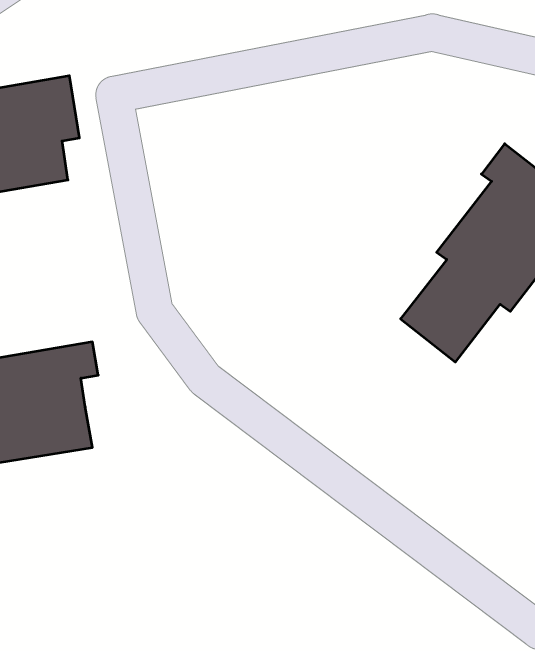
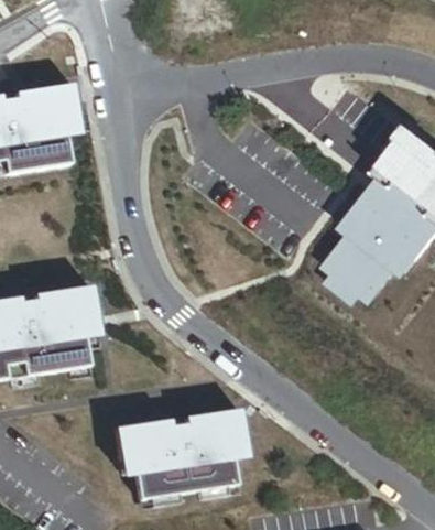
building: none -> [118,407,250,498]

